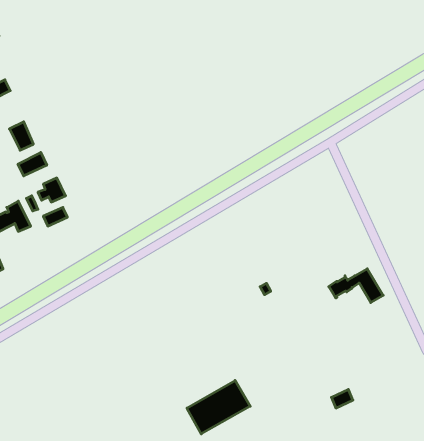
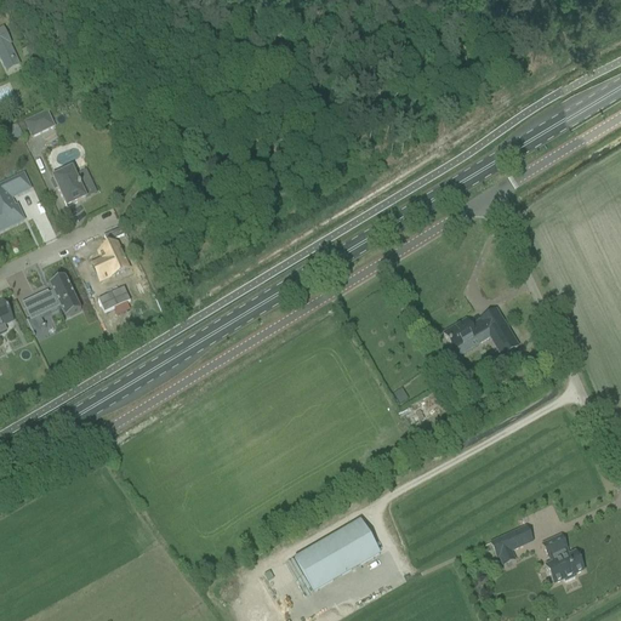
building: [18,152,47,176] -> none
building: [329,269,383,303] -> [445,308,519,354]
building: none -> [543,534,585,581]

